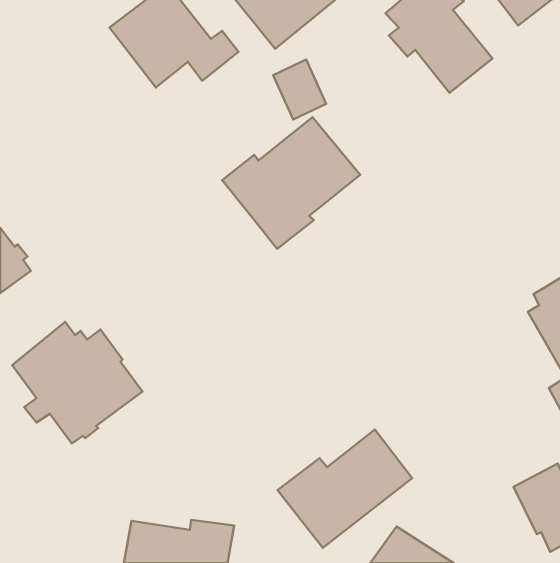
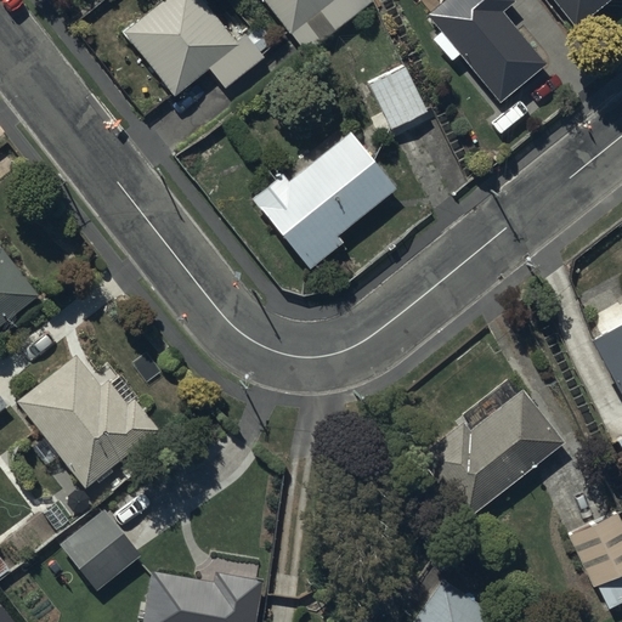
building: [273,60,326,119] -> [371,63,429,129]
building: [277,429,412,548] -> [417,389,565,519]
building: none -> [61,509,142,589]

